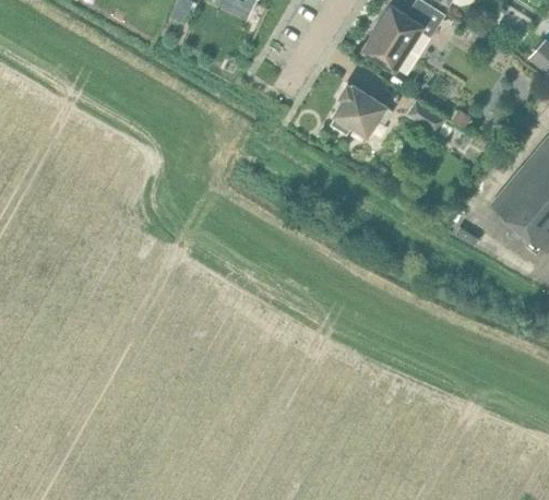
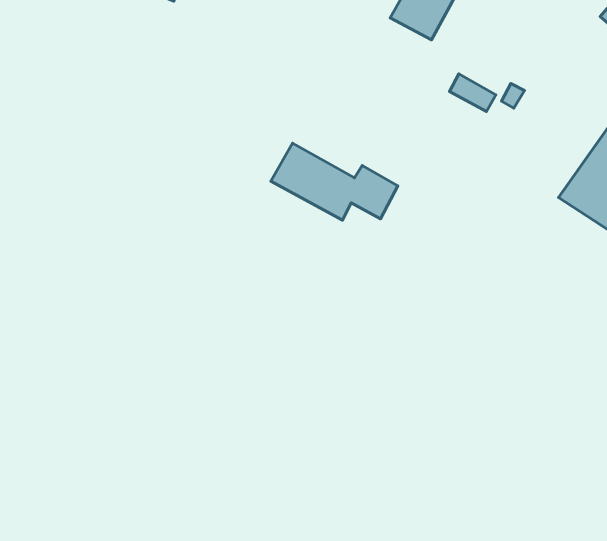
building: [332,84,386,135] -> none
building: none -> [271,143,398,220]

